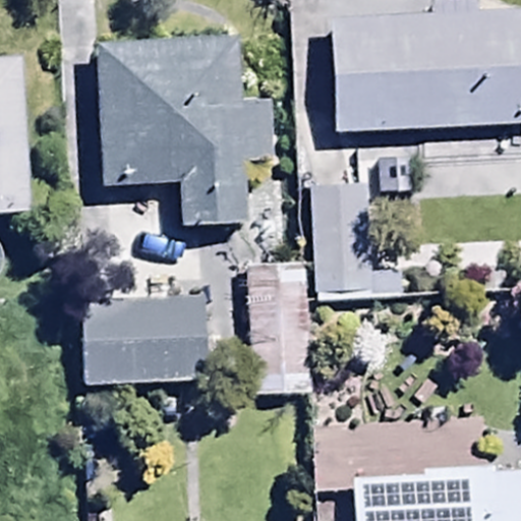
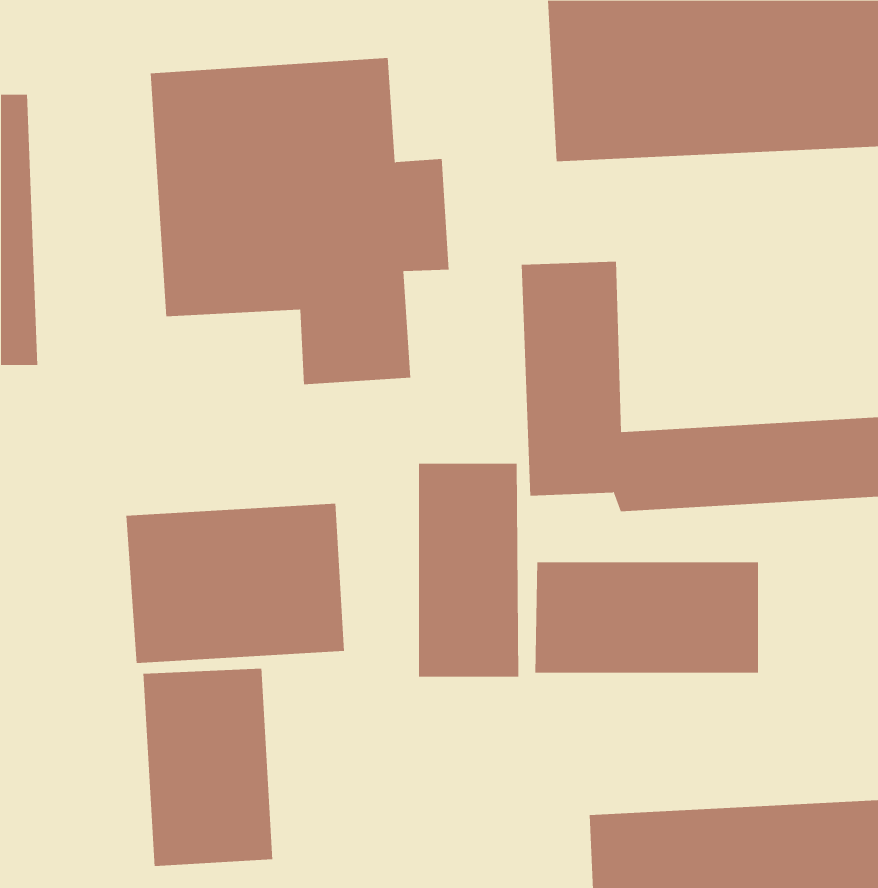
building: none -> [535,561,759,674]
building: none -> [143,668,273,867]

